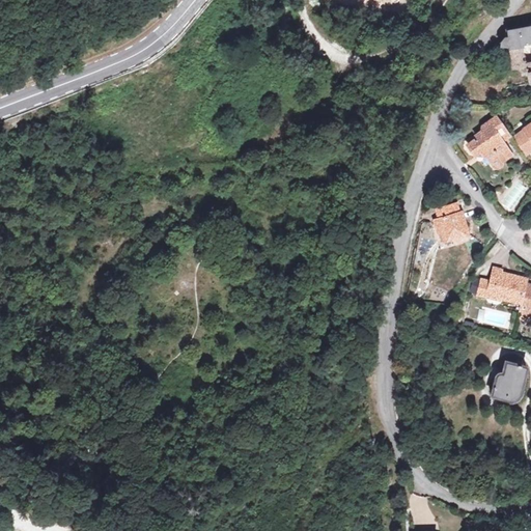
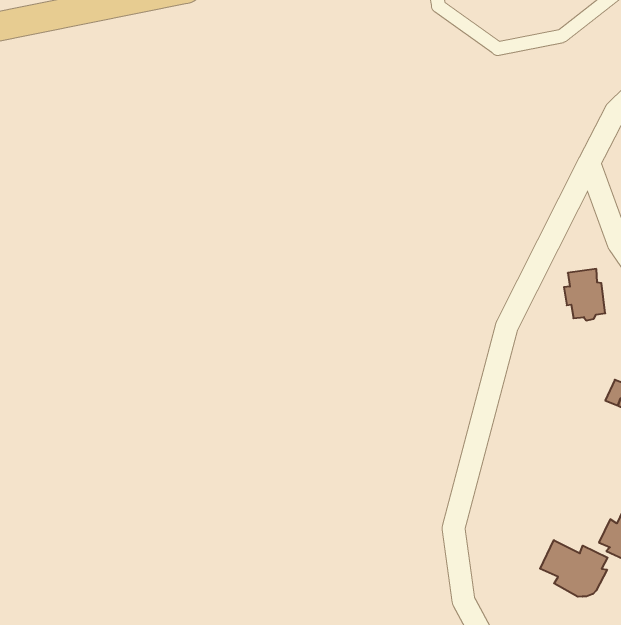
building: none -> [540,540,608,597]

